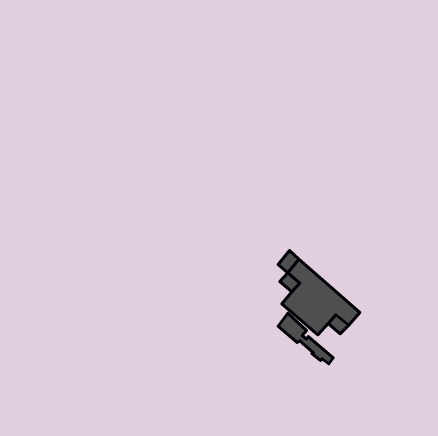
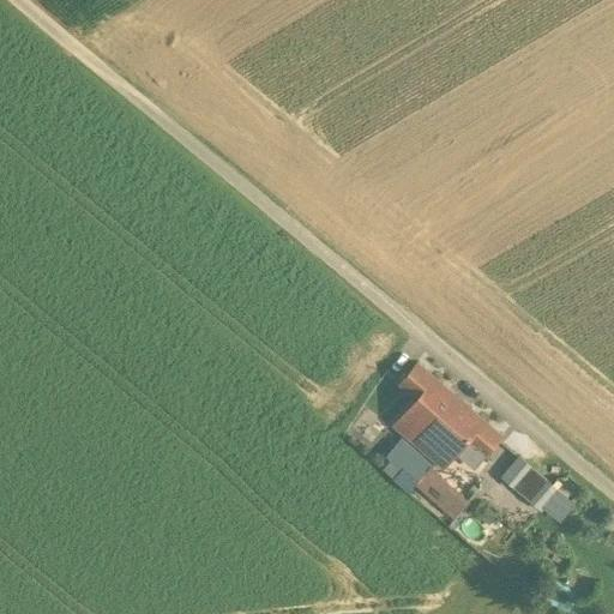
building: none -> [499,457,576,522]

